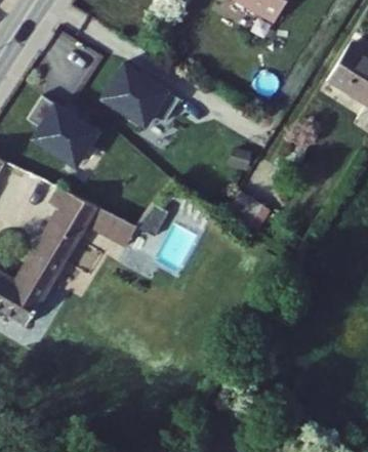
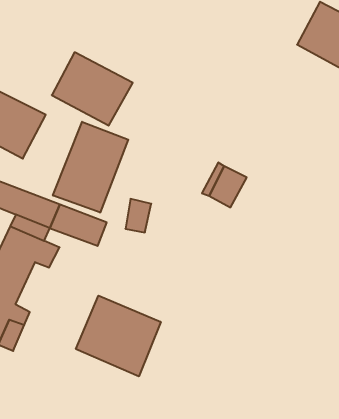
building: none -> [53,122,128,213]
building: none -> [76,296,161,376]

